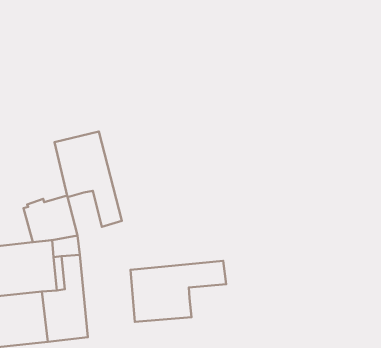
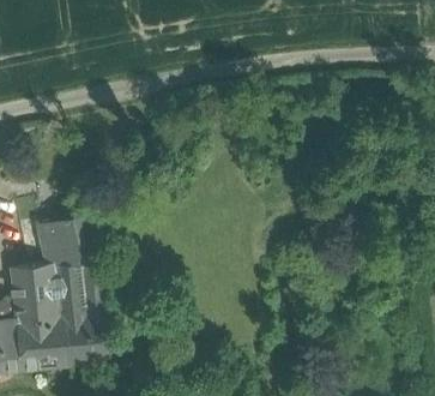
building: [54,132,122,227] -> none
building: [130,261,226,322] -> none

